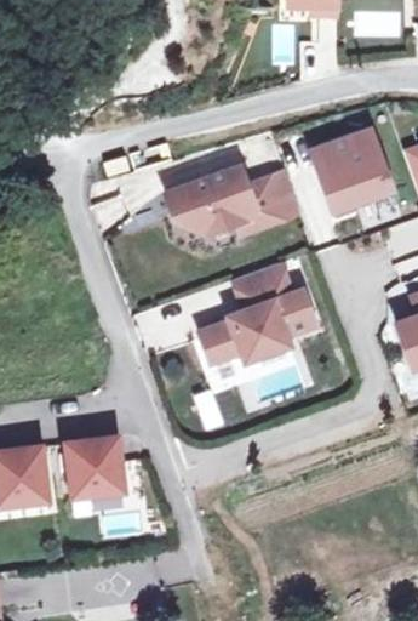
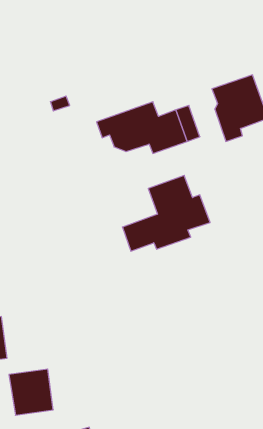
building: [61,441,119,502] -> [9,369,53,415]

